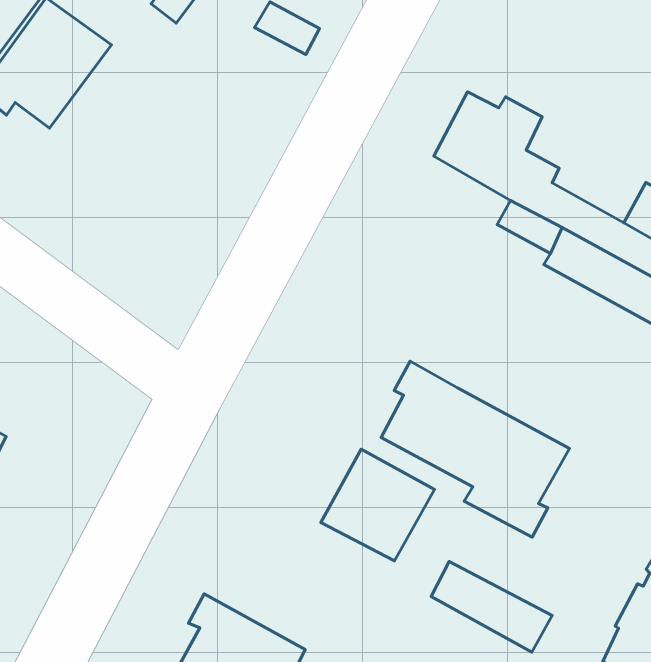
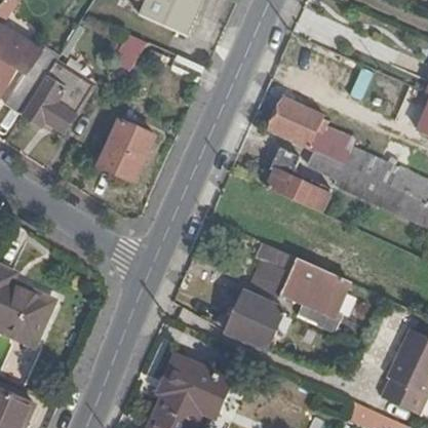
building: none -> [98,119,155,181]
building: none -> [264,148,329,212]
building: [431,562,552,652] -> [165,356,231,401]

